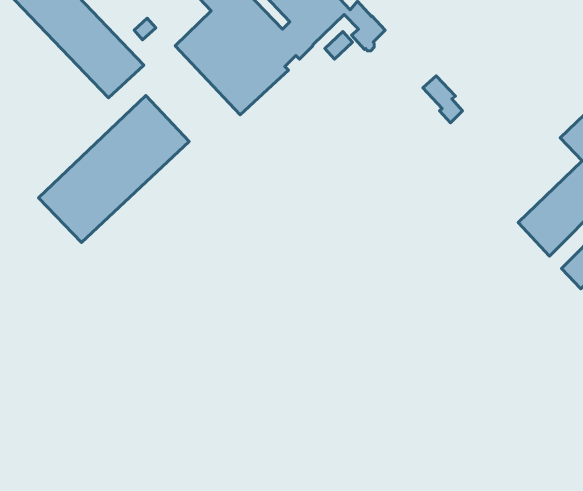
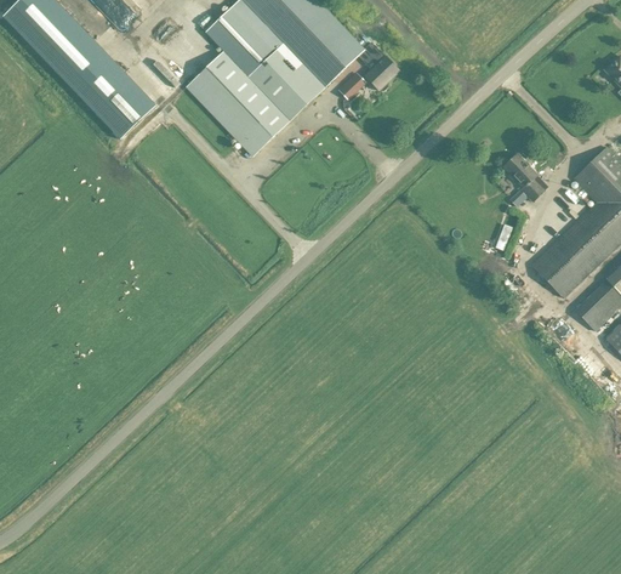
building: [423,76,463,123] -> [503,154,543,201]
building: [38,95,189,243] -> none

